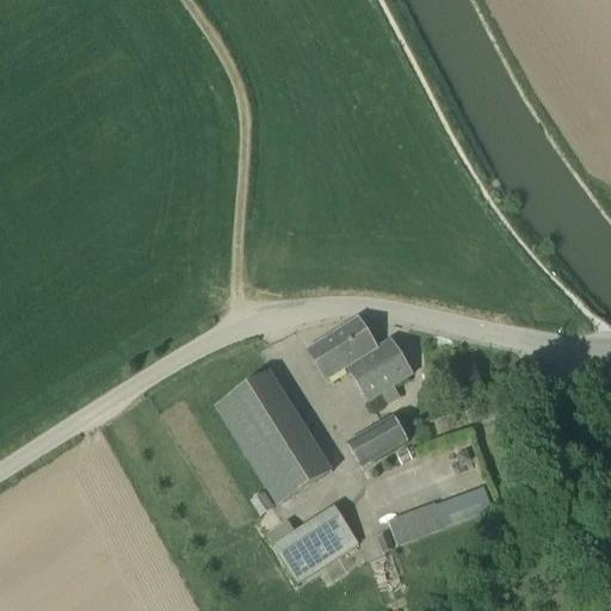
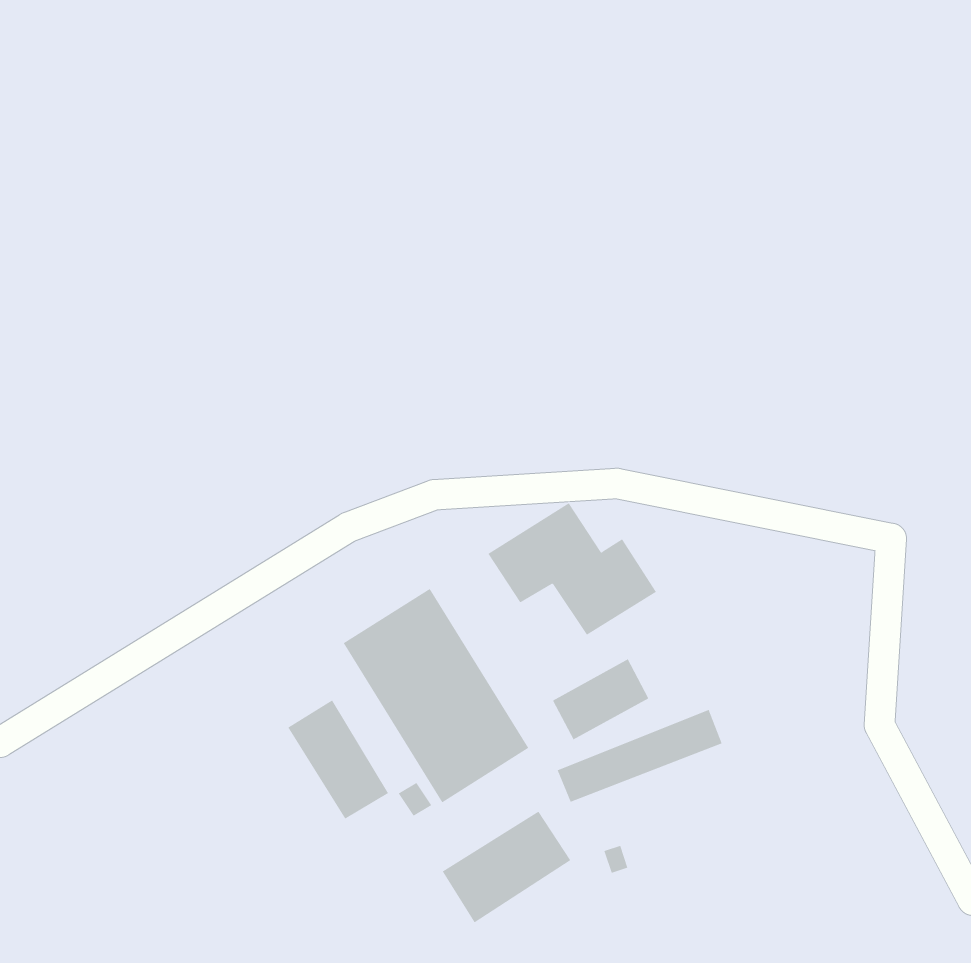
building: none -> [288,699,389,820]
building: [389,483,493,542] -> [557,709,722,803]

